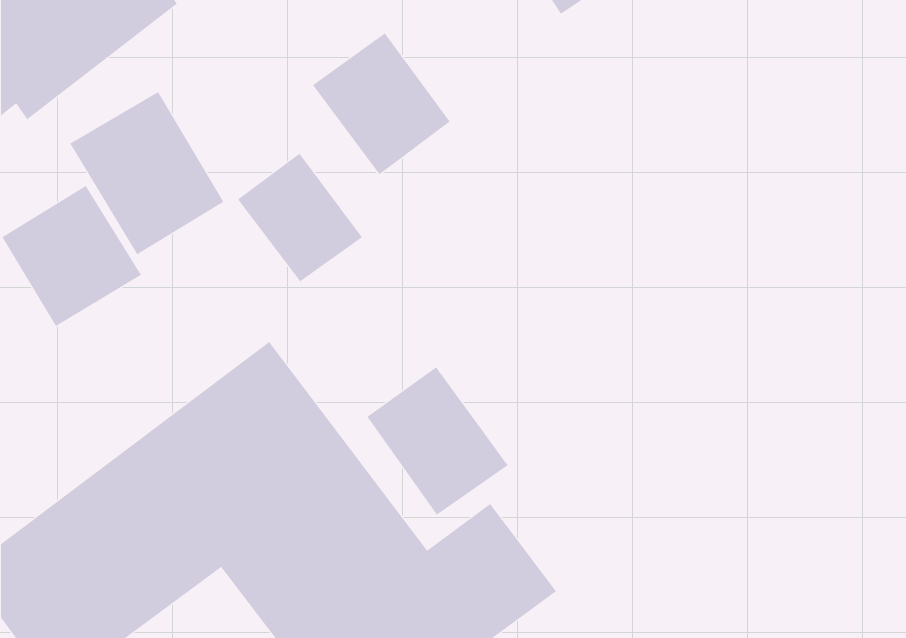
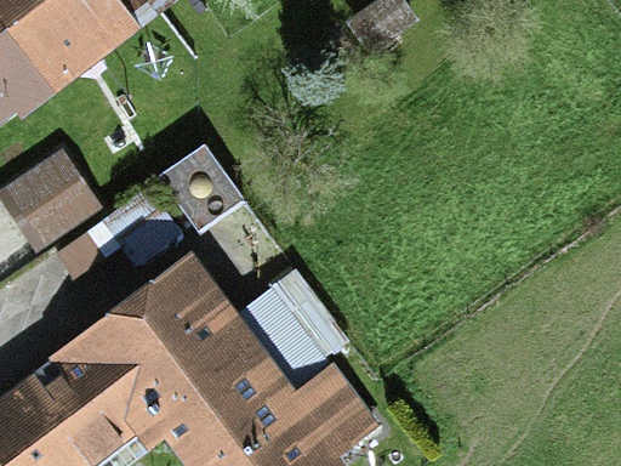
building: [312,32,450,175] -> none
building: [69,91,224,255] -> none

